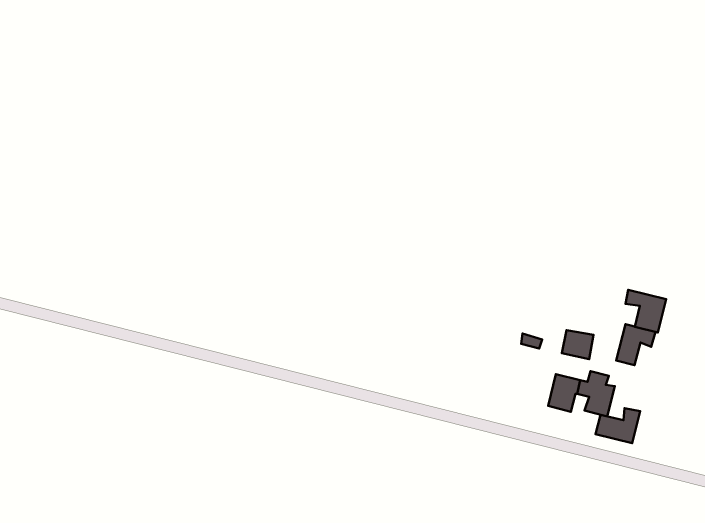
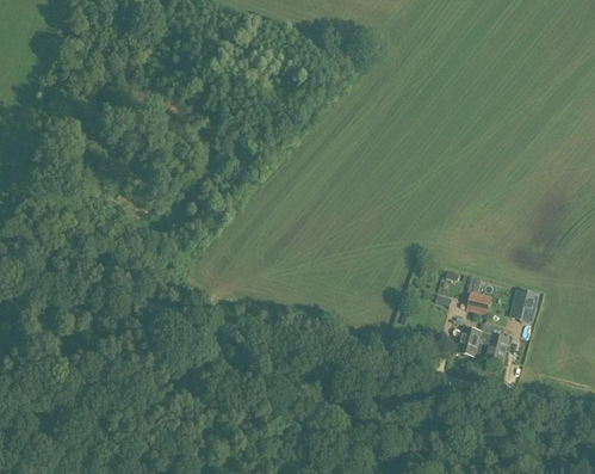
building: [625,290,666,332] -> none
building: [596,408,640,443] -> none

